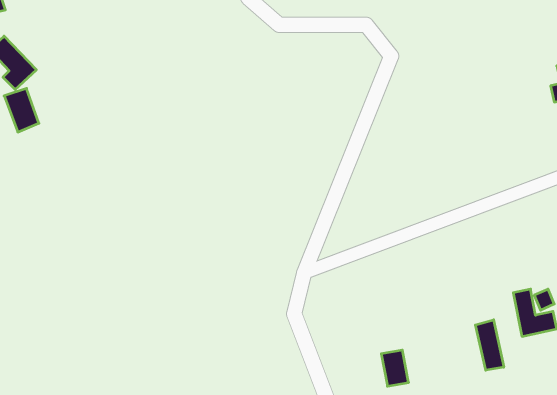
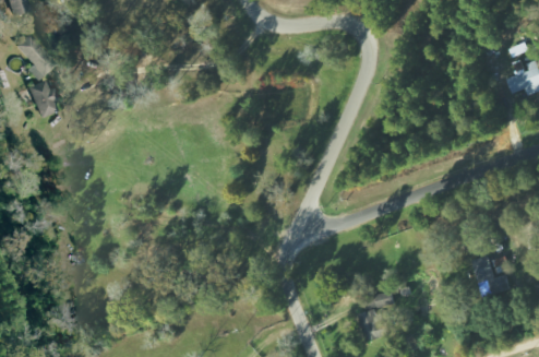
building: [475,320,504,370] -> none

